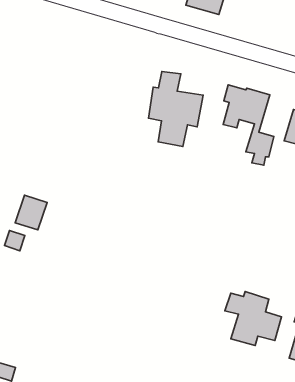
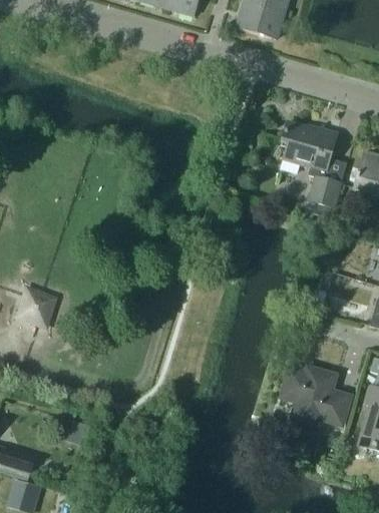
building: [148,71,203,146] -> none
building: [15,195,47,230] -> none

